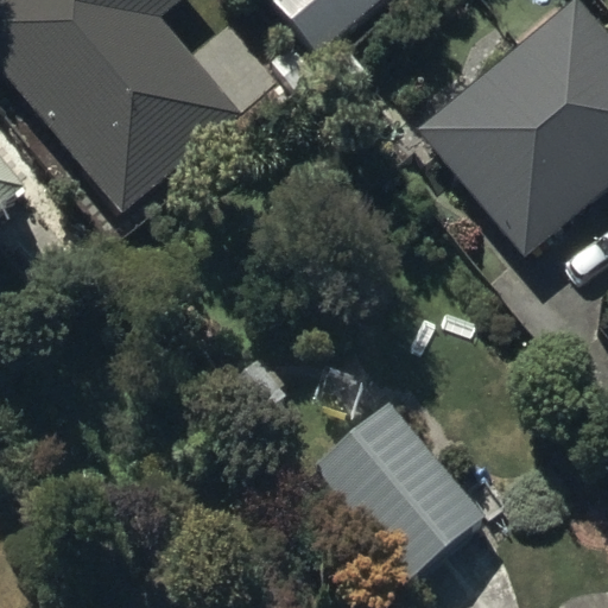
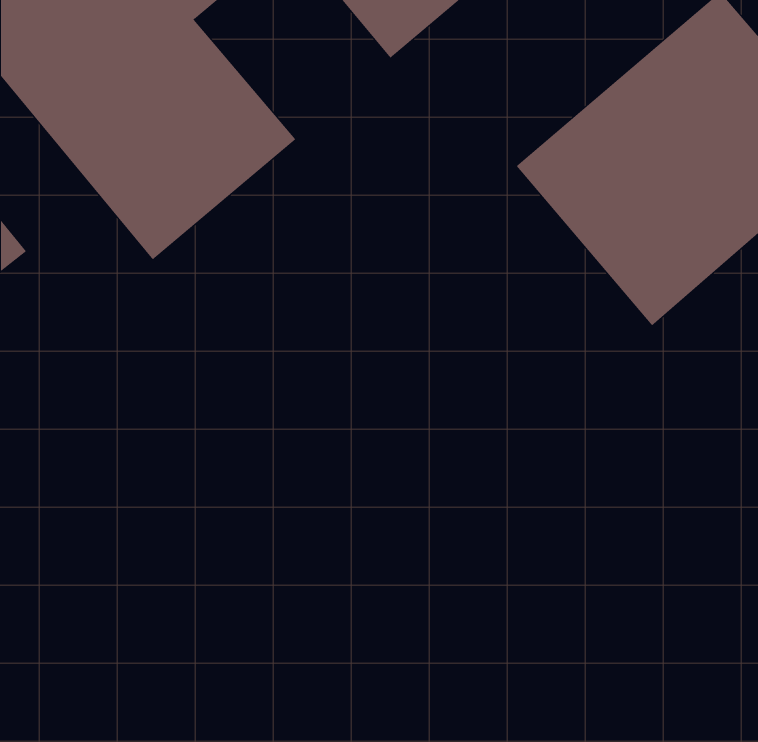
building: [314,401,484,577] -> none

